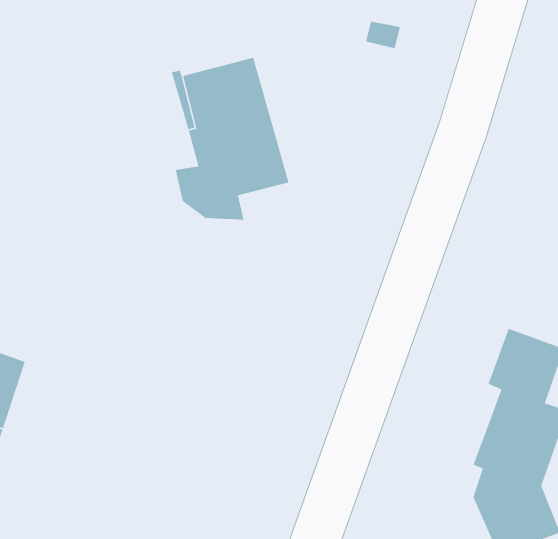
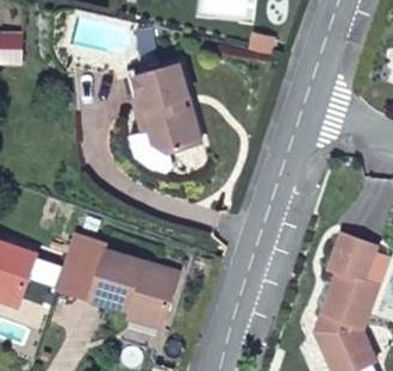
building: none -> [55,236,176,322]

